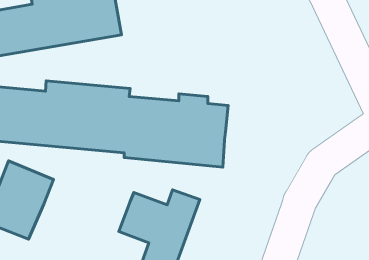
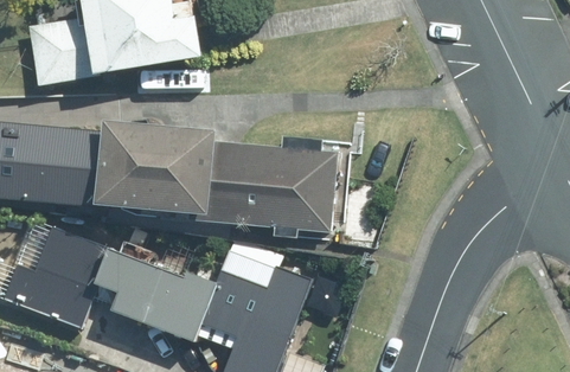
building: none -> [98,251,214,341]

